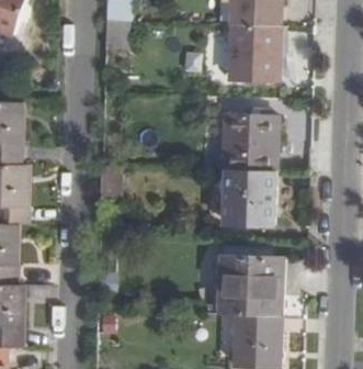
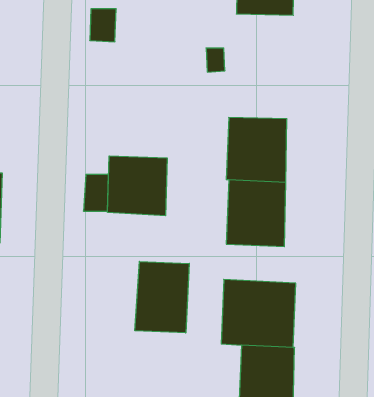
building: [228,25,281,79] -> none
building: none -> [108,156,167,216]
building: none -> [135,261,189,333]

